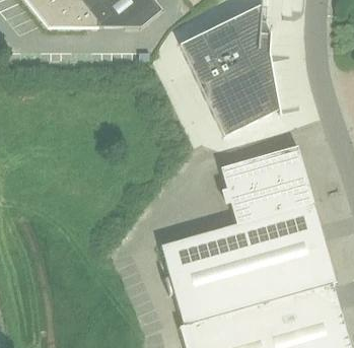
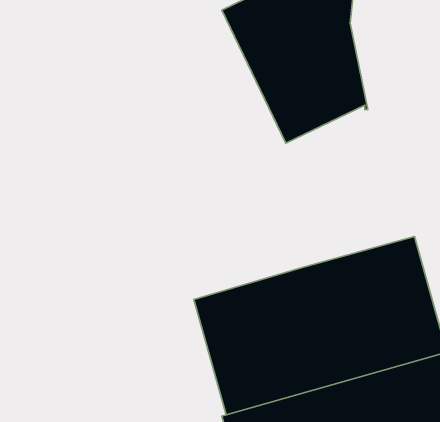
building: [221,144,313,221] -> none

